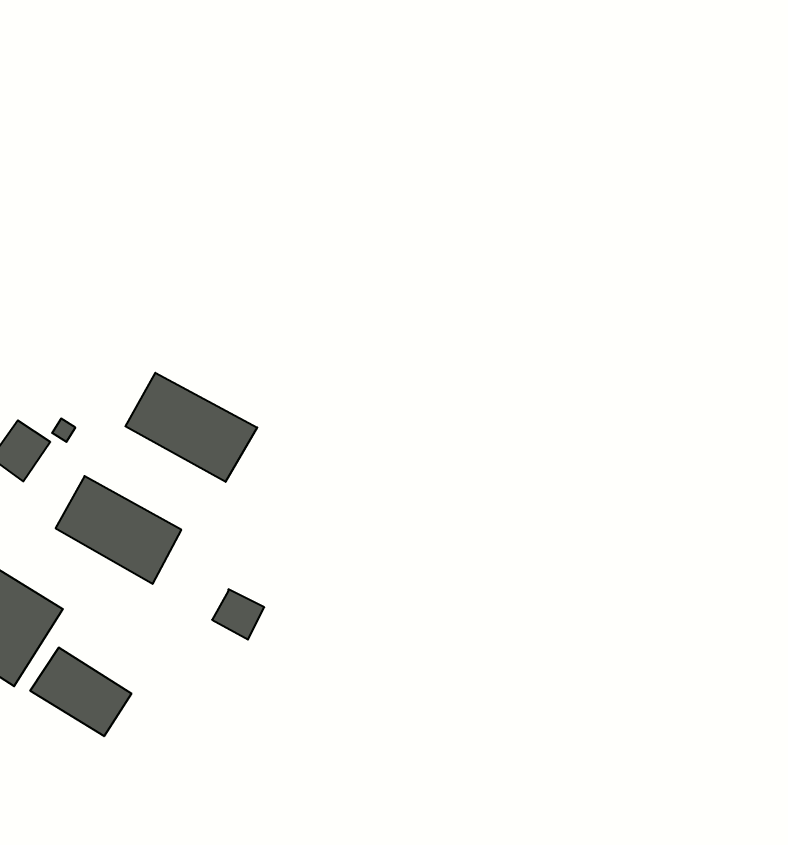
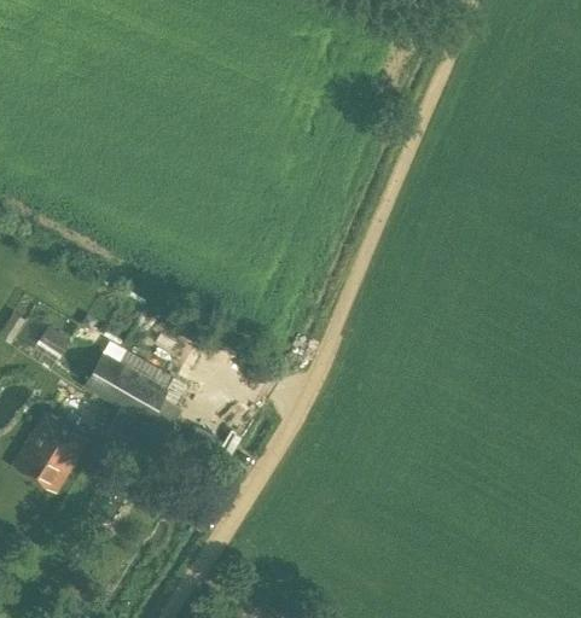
building: [125,373,257,482] -> none
building: [30,647,131,736] -> none

